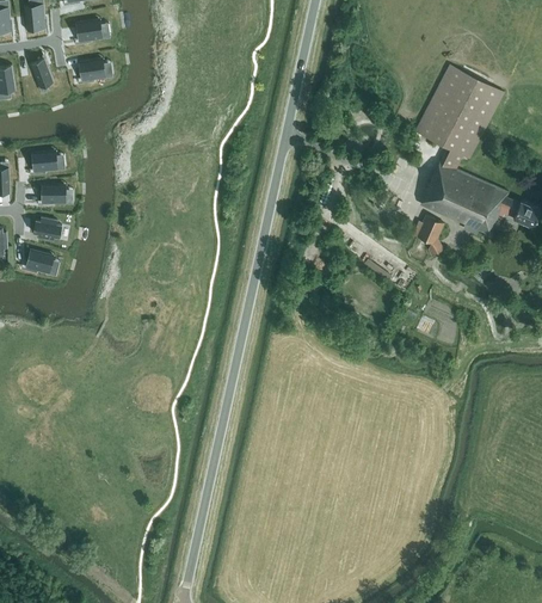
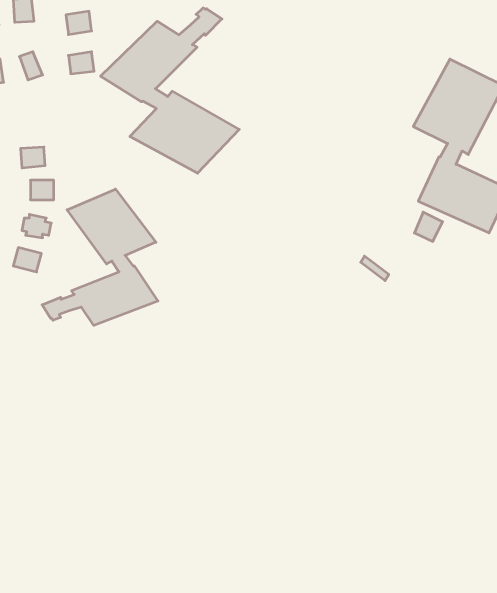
building: none -> [101,8,239,173]
building: none -> [42,189,158,325]

